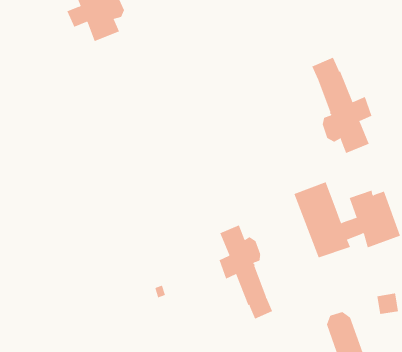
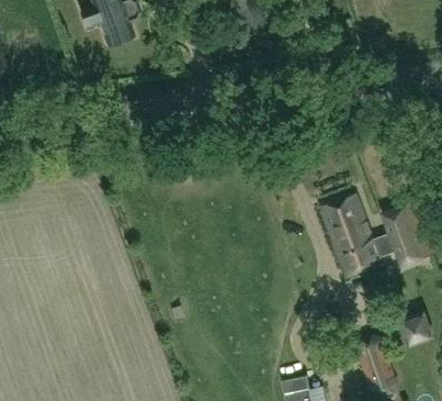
building: [312,57,372,154] -> none
building: [219,225,273,319] -> none

